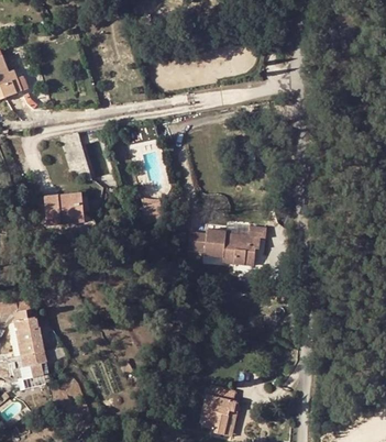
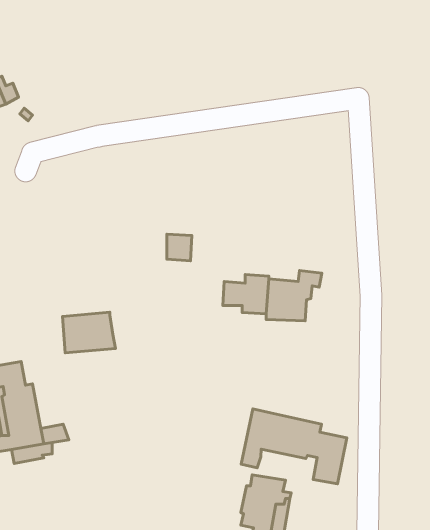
building: [62,130,89,172] -> none
building: [43,194,85,225] -> [62,312,116,353]
building: none -> [241,409,347,484]

